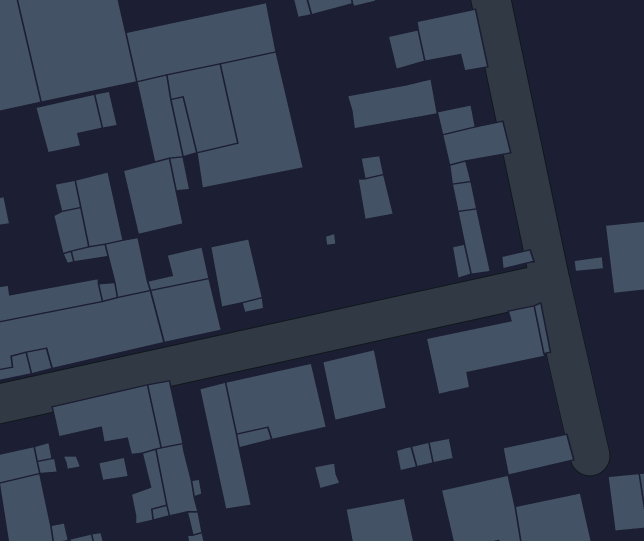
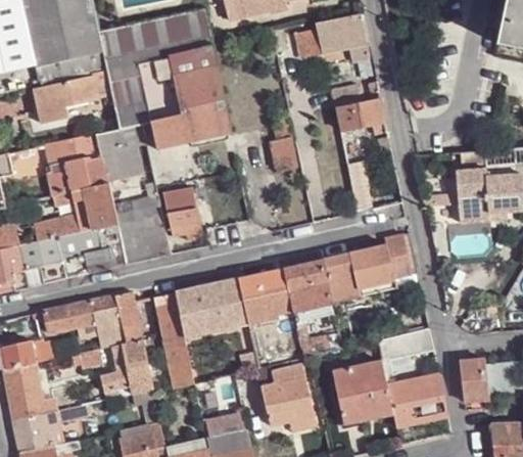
building: [347,79,438,129] -> none
building: none -> [284,259,333,320]

